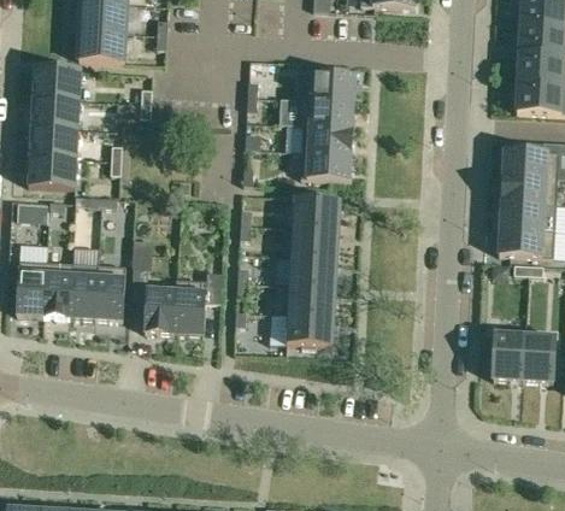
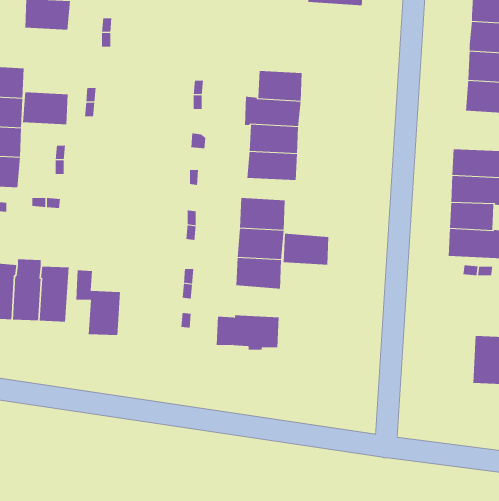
building: [78,29,124,61] -> [22,92,69,125]
building: [173,271,222,334] -> none
building: [288,283,334,315] -> [283,233,329,265]
building: [493,331,525,380] -> none

